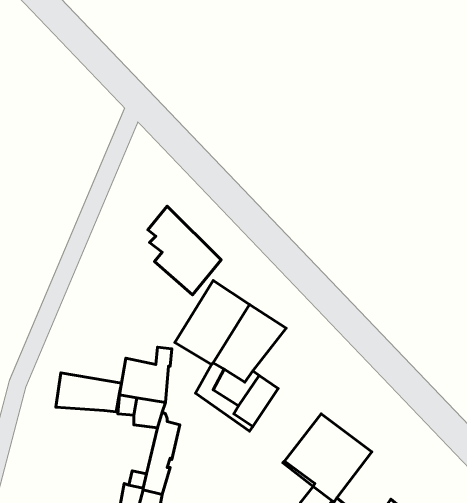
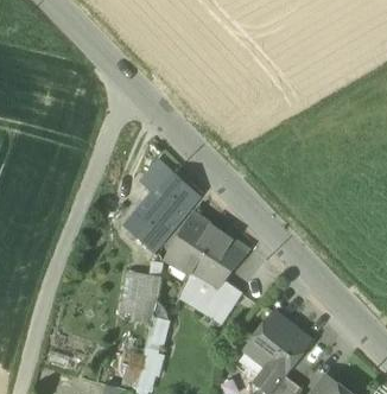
building: none -> [125,198,177,252]
building: [56,373,121,412] -> none

